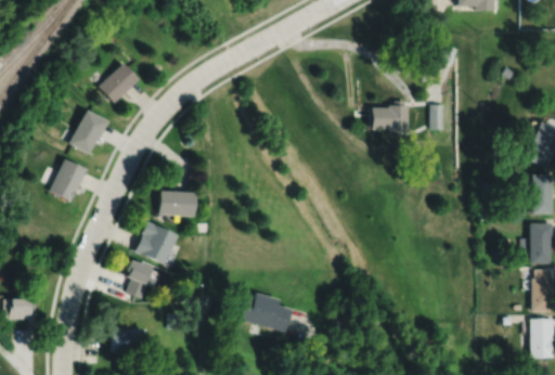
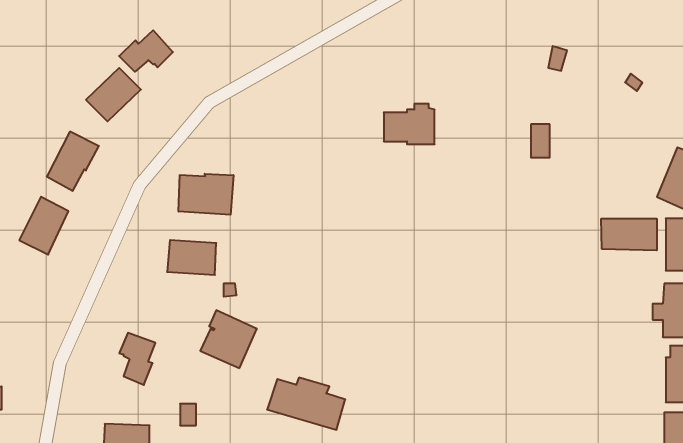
building: none -> [119,30,173,72]
building: [372,101,410,131] -> [384,104,435,144]
building: none -> [179,174,233,215]
building: none -> [601,219,657,250]
building: [135,221,178,264] -> [200,310,257,368]

